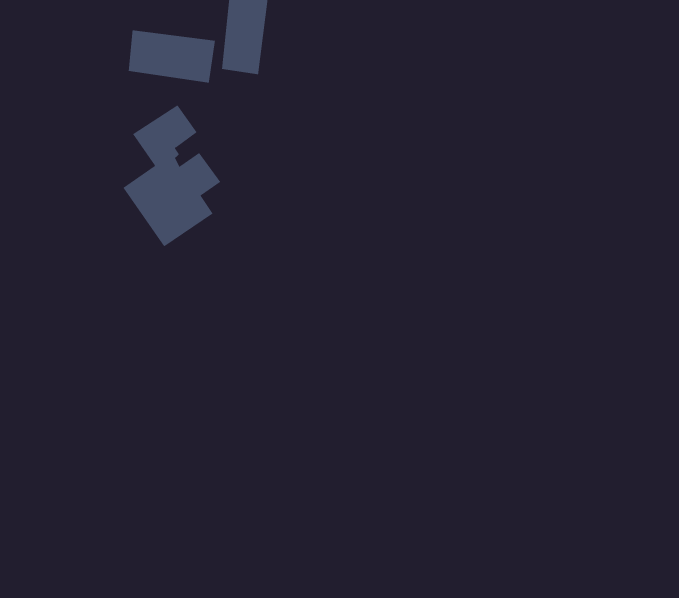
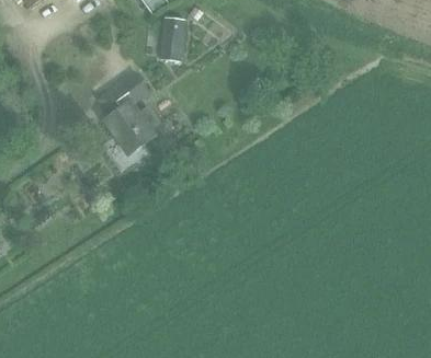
building: [128,30,216,84] -> none

